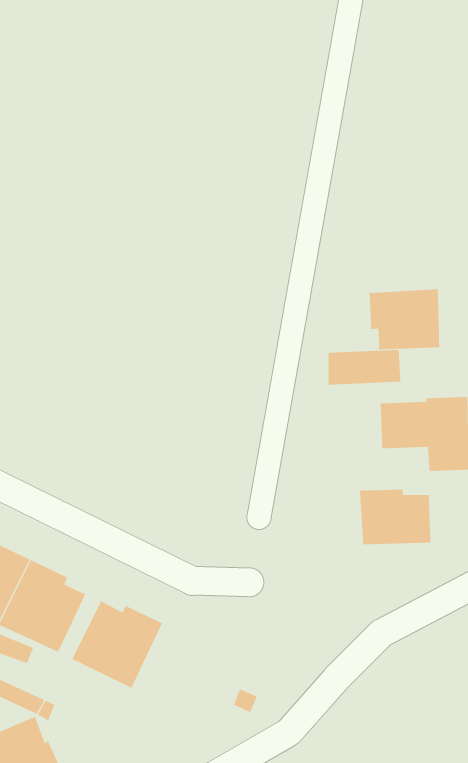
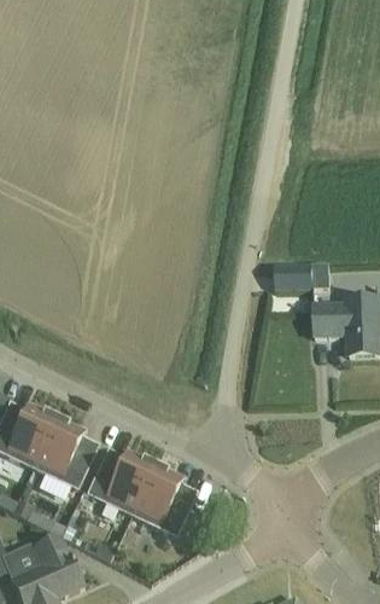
building: [369,288,440,350] -> none
building: [360,489,431,545] -> none
building: none -> [130,466,195,535]

